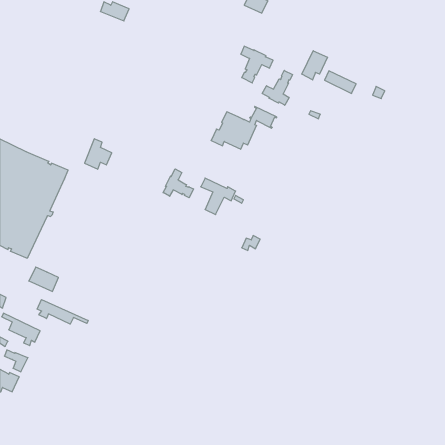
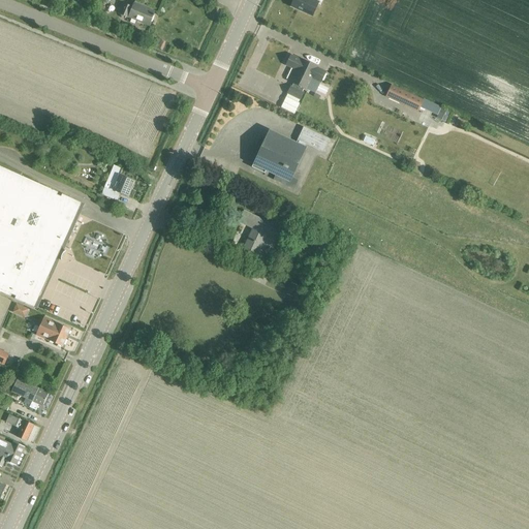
building: [302,51,327,80] -> none
building: [262,70,293,105] -> none
building: [163,169,193,198] -> none
building: [37,300,88,324] -> none

